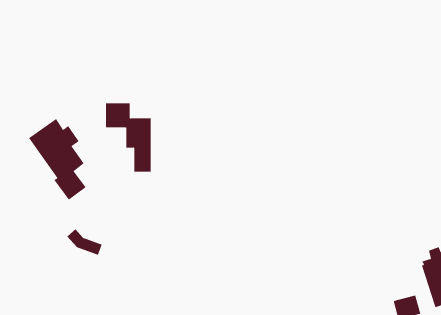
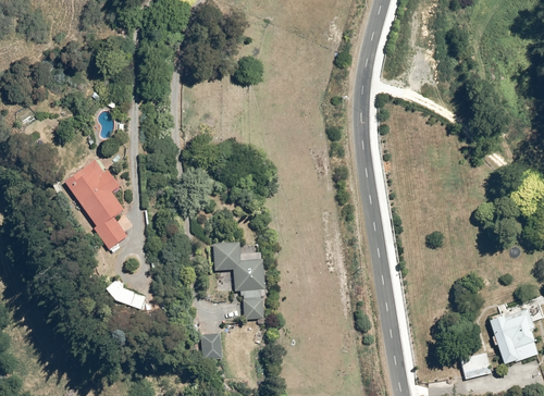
building: [105,103,151,172] -> [213,243,263,318]
building: none -> [202,333,222,359]

